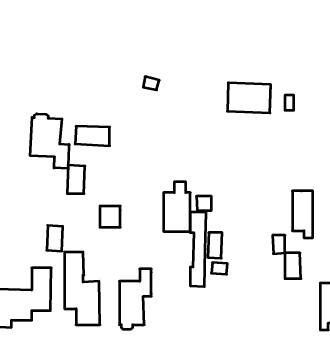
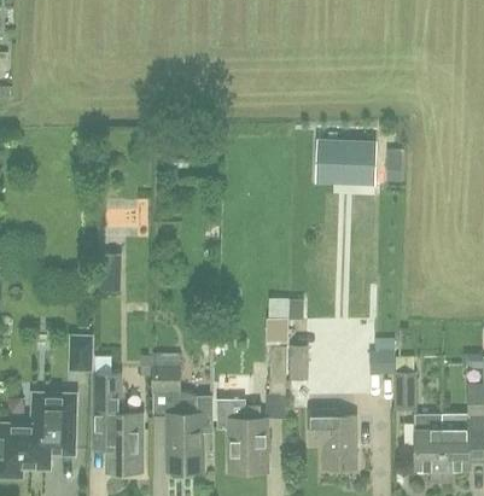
building: [30,114,69,169] -> none
building: [164,182,190,231] -> [228,404,264,472]
building: [292,191,313,238] -> [414,415,442,479]
building: [100,206,120,227] -> [151,364,179,393]
building: none -> [308,410,356,471]

